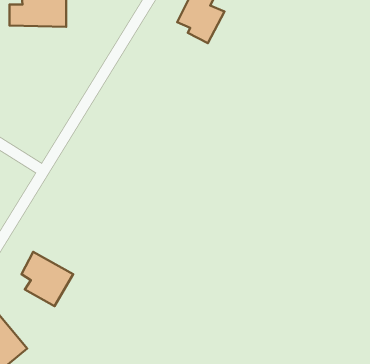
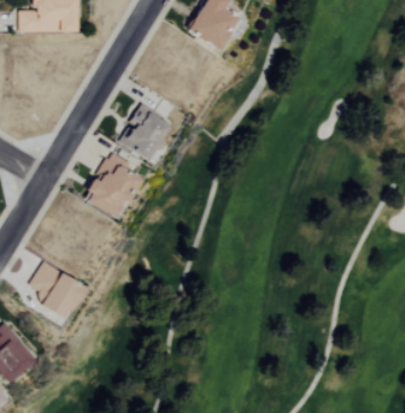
building: none -> [118,104,171,160]
building: none -> [84,152,139,217]

